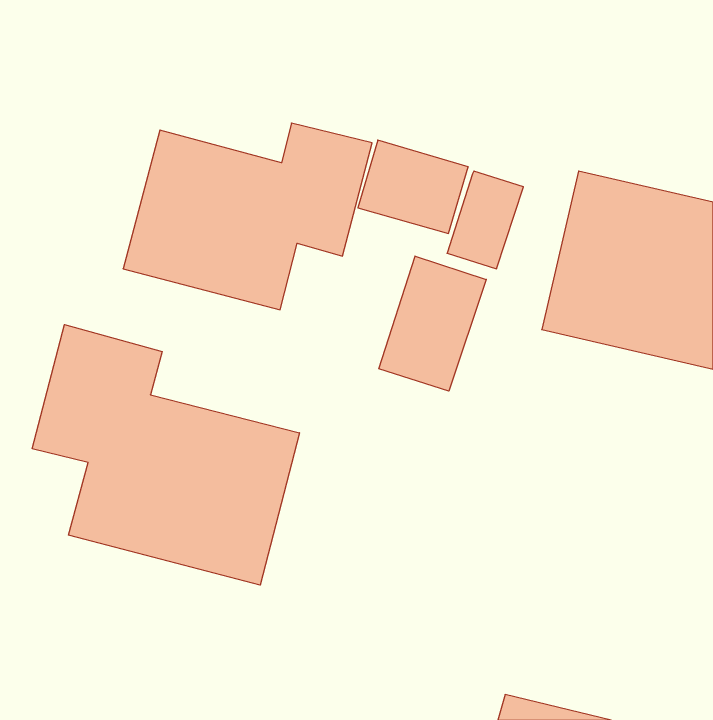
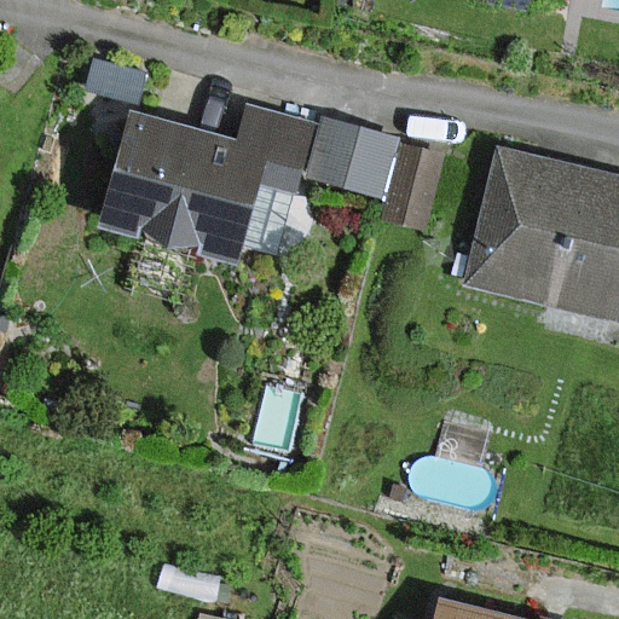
building: [379,256,486,391] -> none
building: [32,325,299,585] -> none

